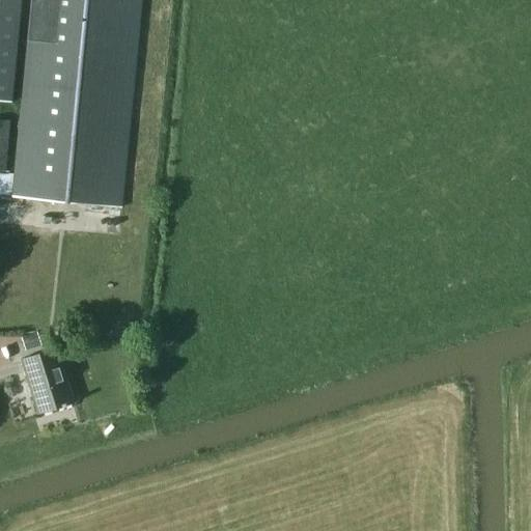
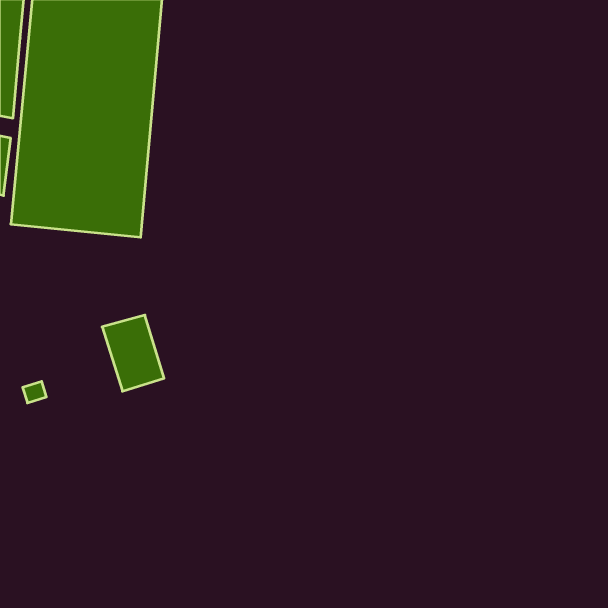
building: [20,347,74,414] -> [102,315,164,391]

